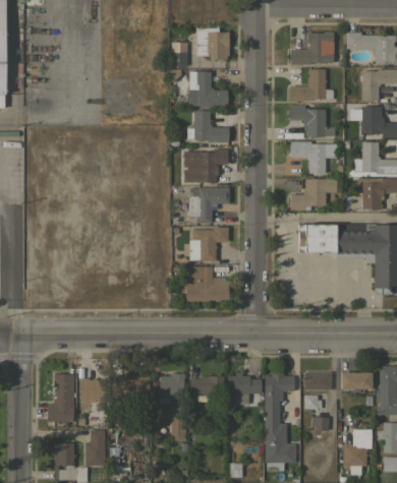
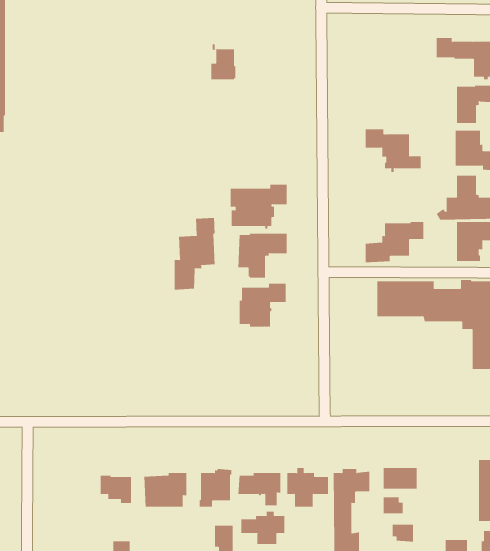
building: [196,28,230,62] -> none
building: [290,32,334,64] -> none
building: [289,69,334,102] -> none
building: [189,71,228,106] -> none
building: [187,110,229,142] -> none
building: [290,141,338,173] -> none
building: none -> [174,217,215,290]
building: [186,266,229,302] -> none
building: [342,372,373,389] -> none
building: [48,374,74,422] -> none
building: none -> [241,511,285,545]

